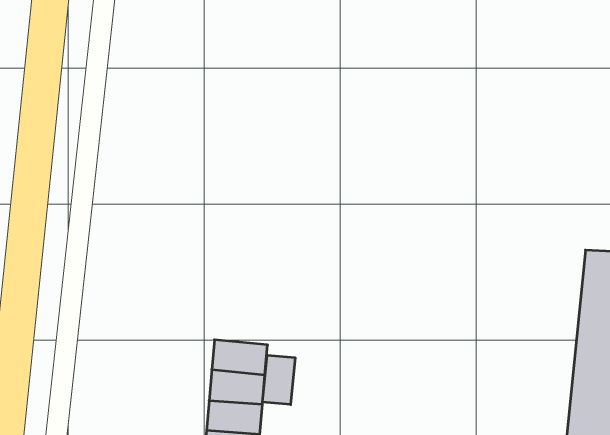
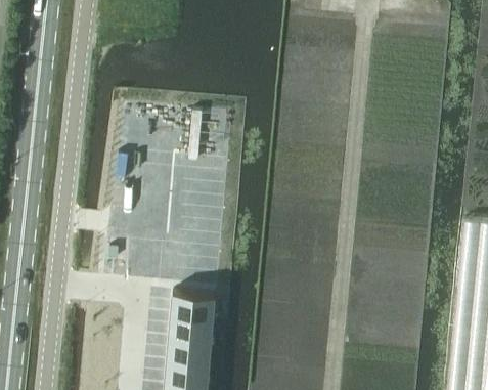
building: [263,355,295,405] -> none

